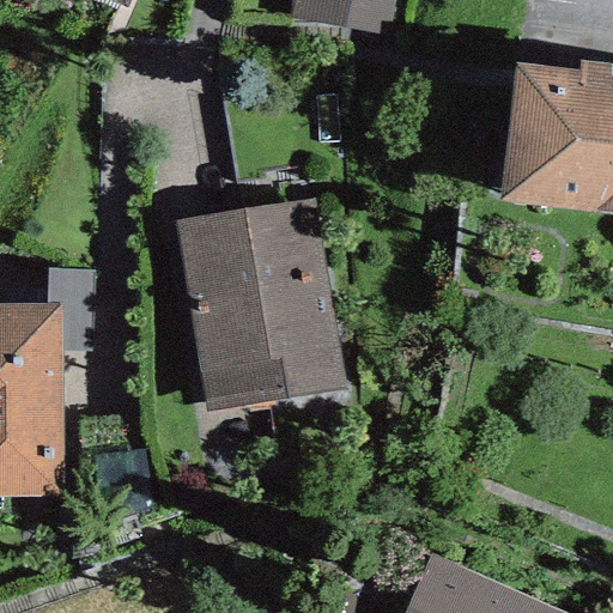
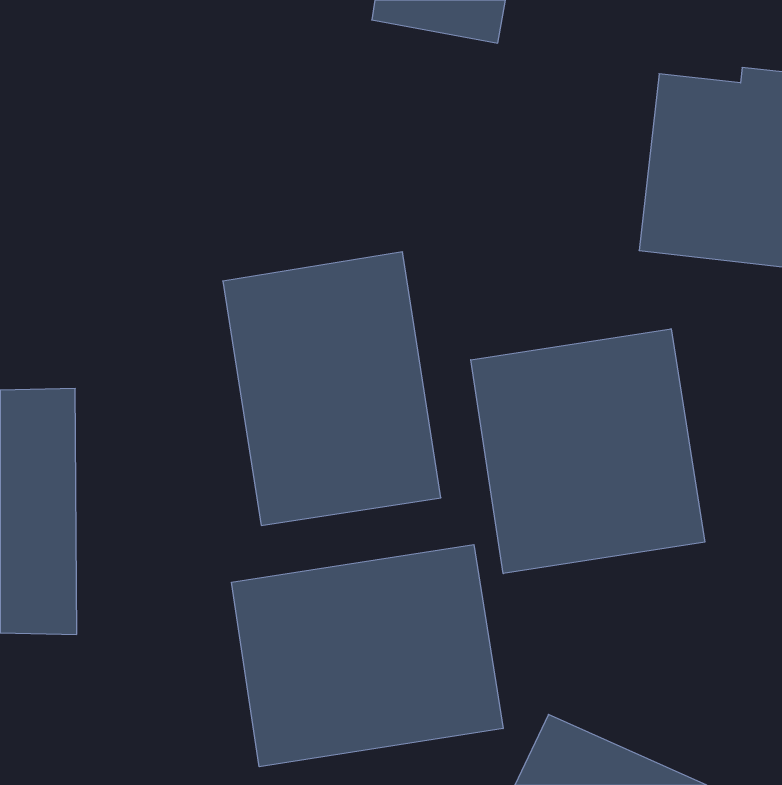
building: none -> [471,329,705,574]
building: none -> [232,545,503,767]

